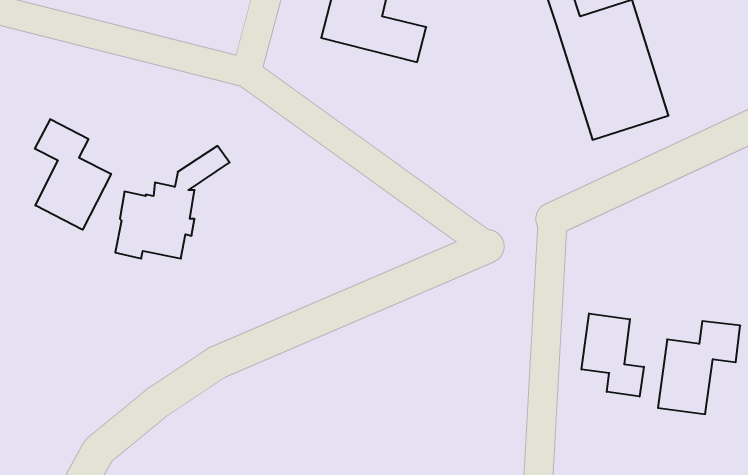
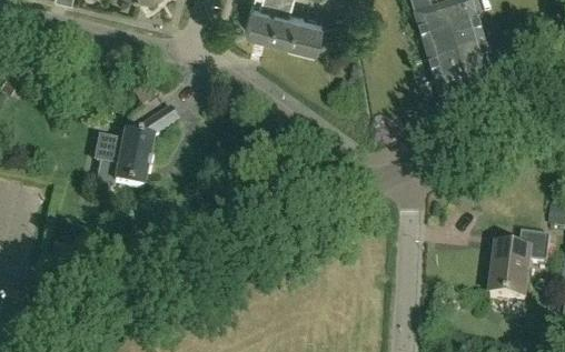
building: [35,119,111,230] -> none
building: [582,313,644,397] -> none

